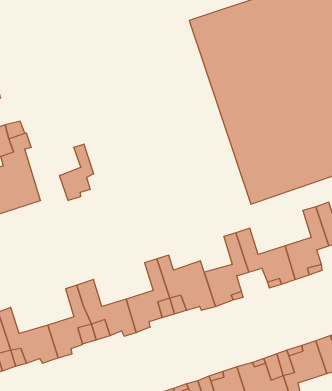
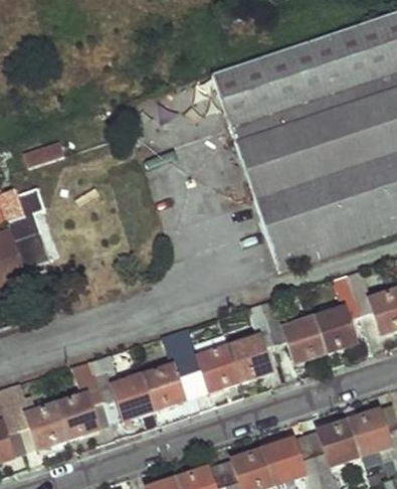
building: [60,144,94,201] -> none

